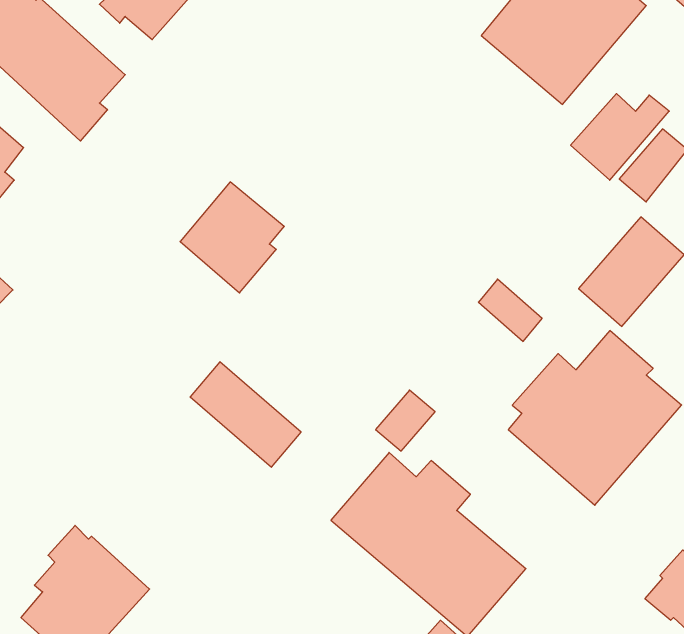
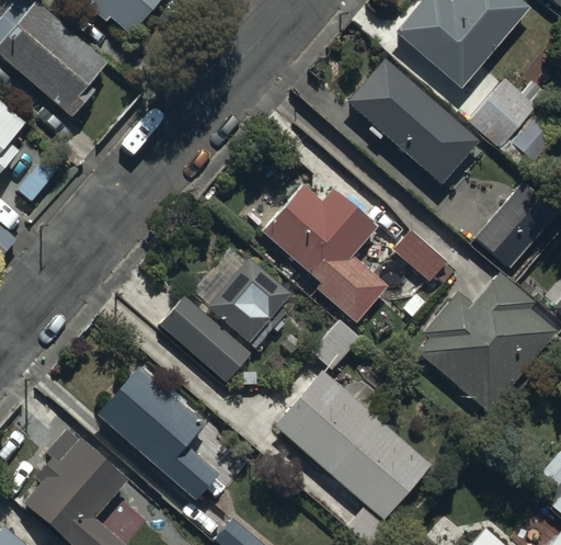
building: none -> [345,58,480,185]
building: [180,182,284,293] -> [207,258,291,348]
building: none -> [261,184,388,322]
building: none -> [98,366,224,499]

